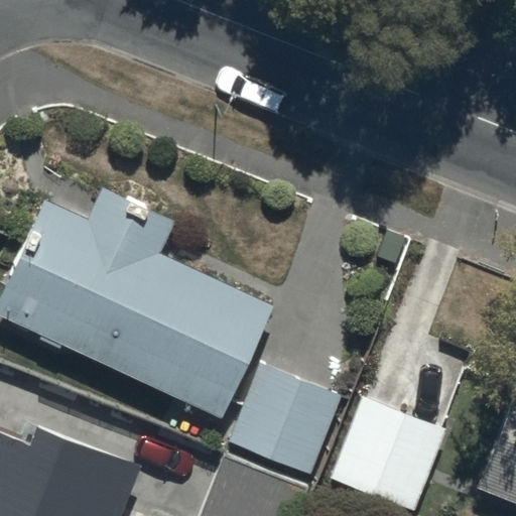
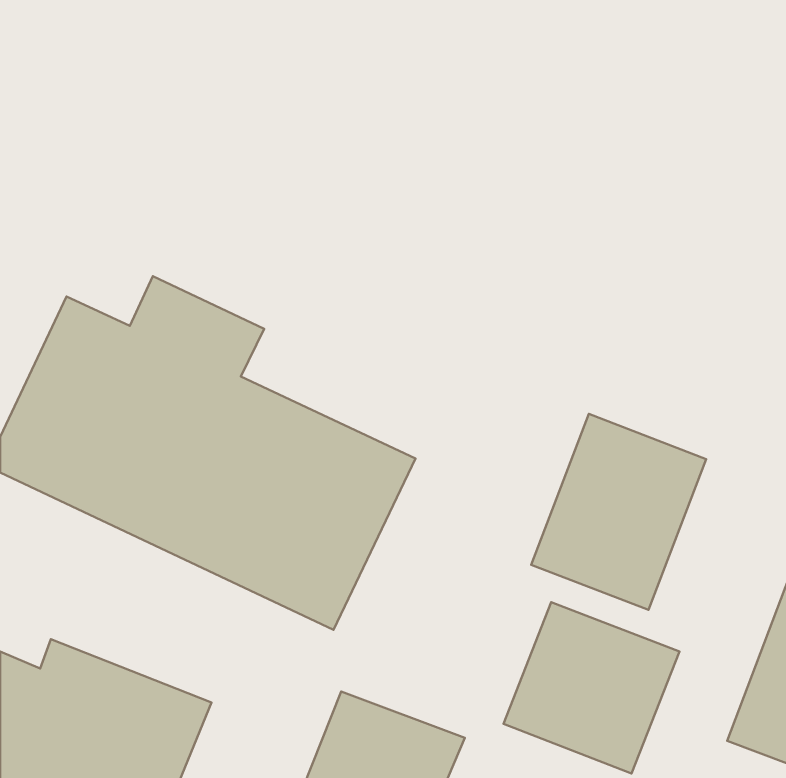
building: none -> [531,414,706,610]
building: [230,366,342,476] -> none

